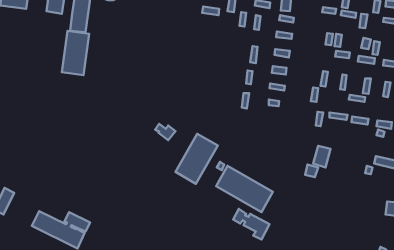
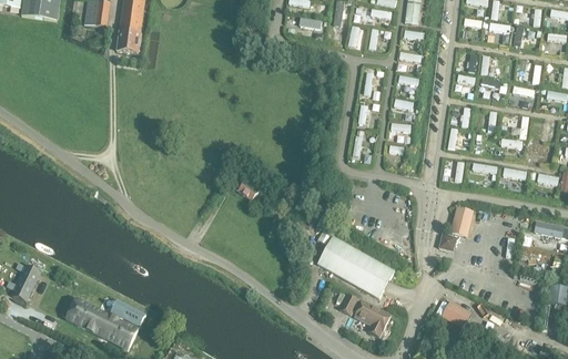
building: [62,31,89,75] -> none
building: [176,134,218,184] -> none
building: none -> [440,301,471,329]

